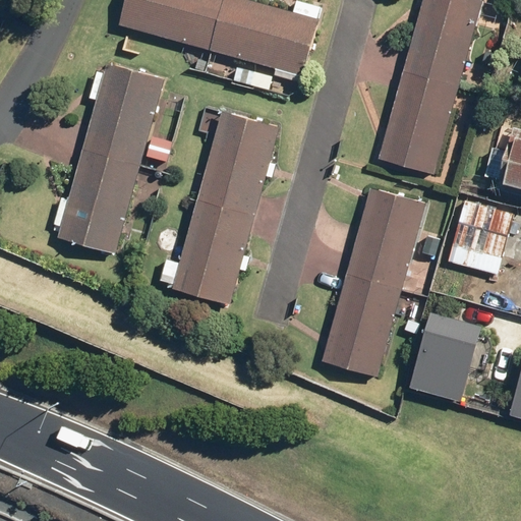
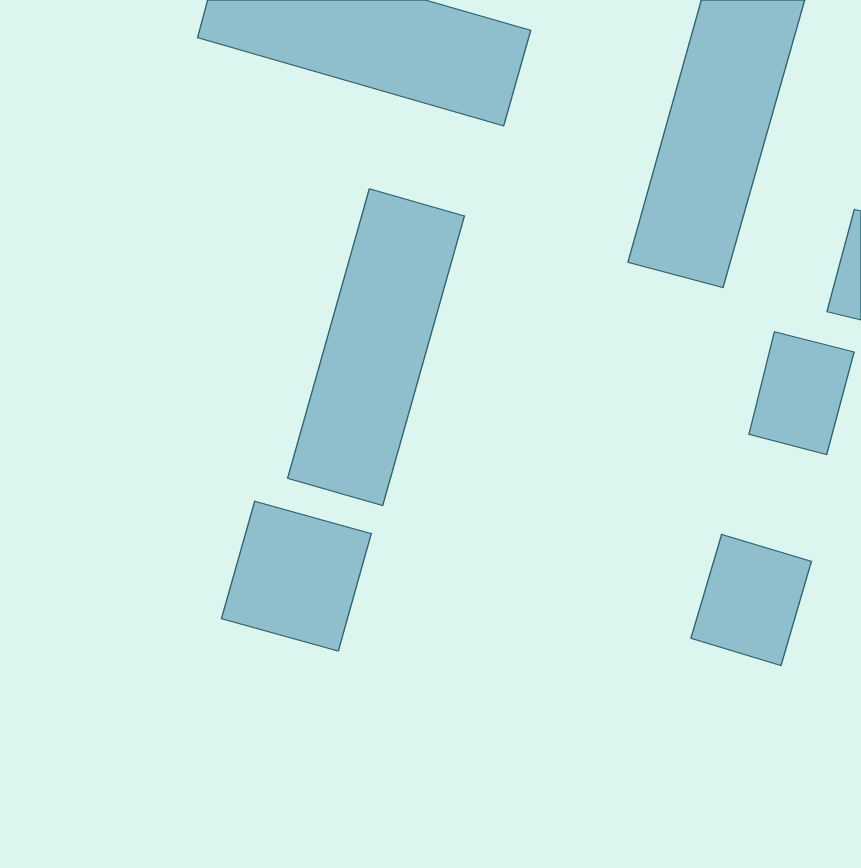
building: [57,62,163,251] -> none
building: [320,186,425,375] -> none
building: none -> [222,501,371,651]

